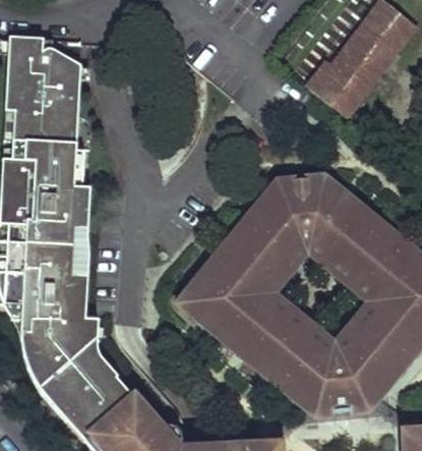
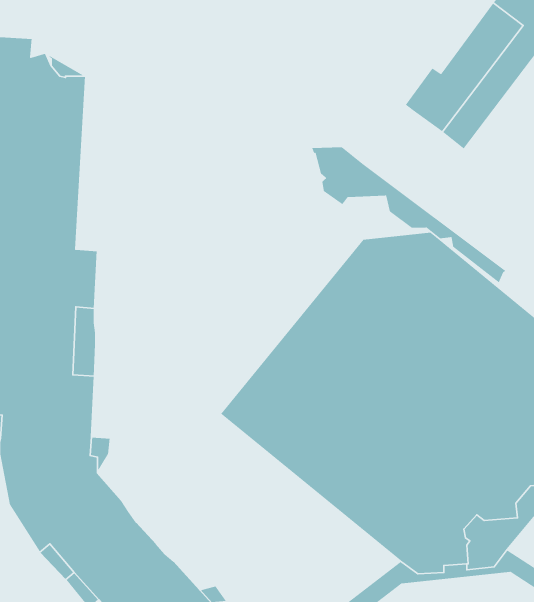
building: none -> [311,146,507,283]

